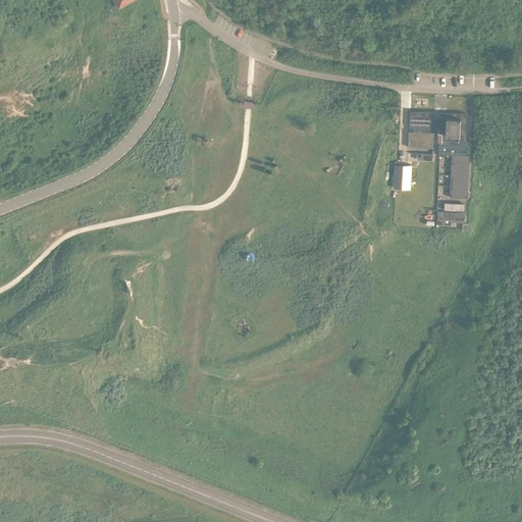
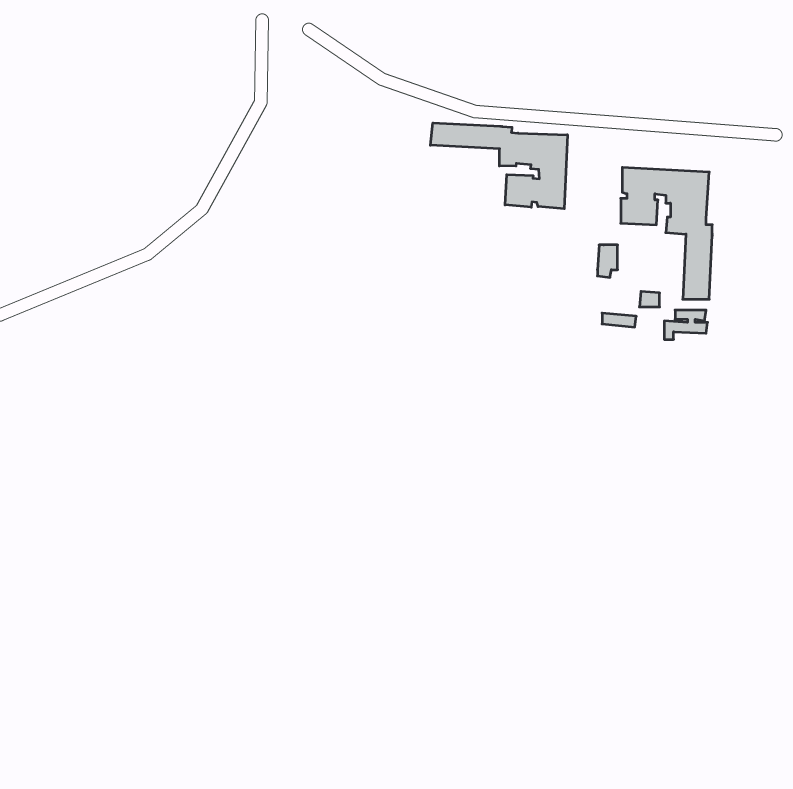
building: none -> [430,123,567,209]

